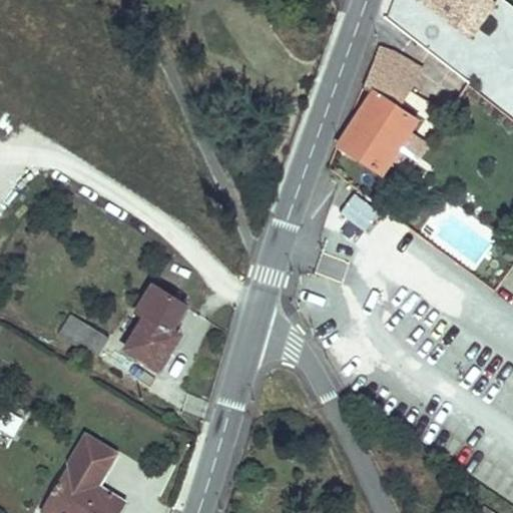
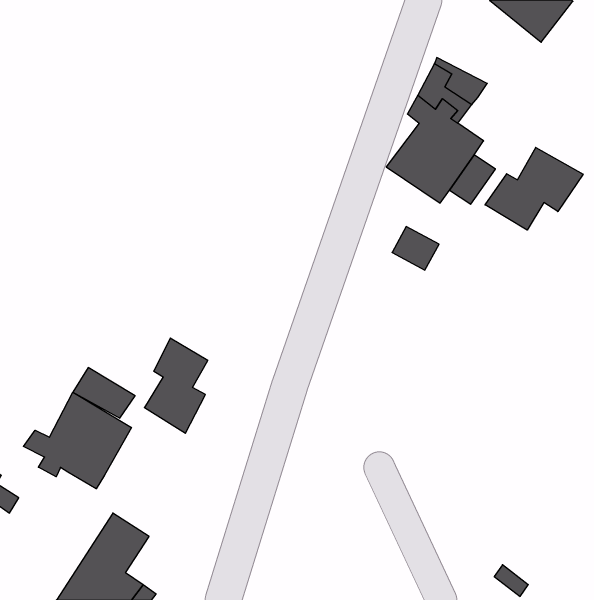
building: none -> [485,147,583,230]
building: none -> [23,392,131,489]

